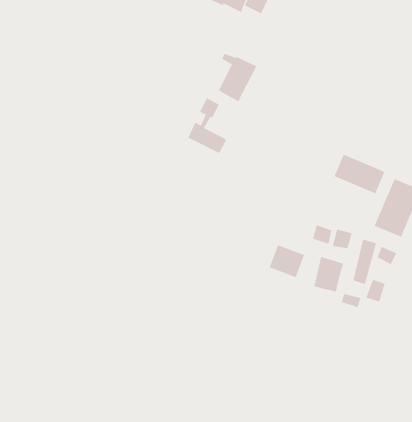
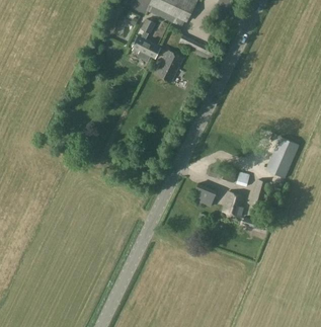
building: [188,97,227,154] -> [133,18,160,58]
building: [334,154,385,194] -> none

